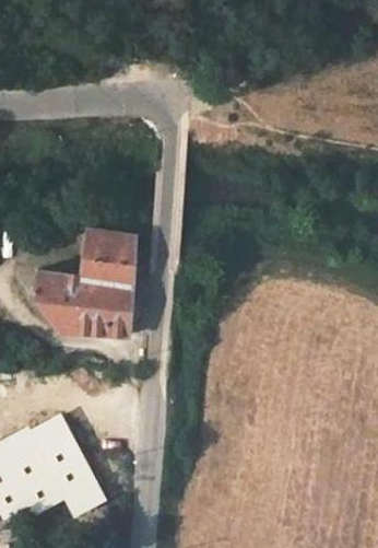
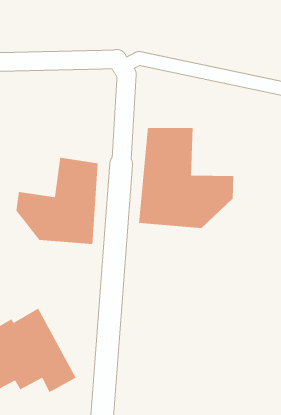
building: none -> [138,127,234,229]

